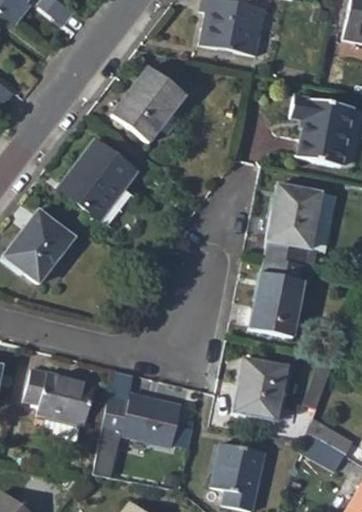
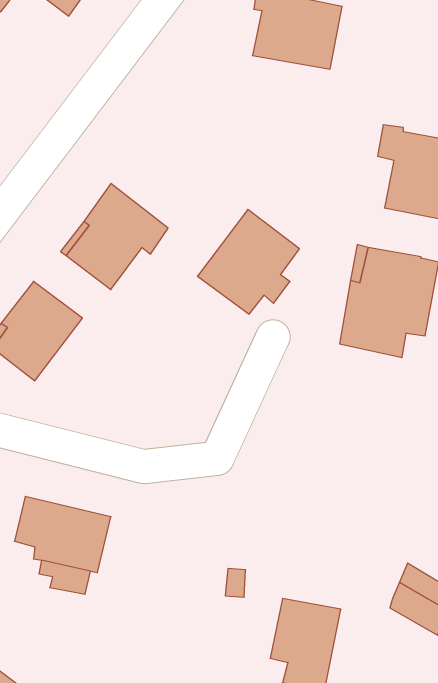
building: [110,65,185,142] -> [197,209,299,314]
building: [250,256,315,338] -> none
building: [234,358,286,419] -> none
building: [94,393,182,476] -> none

